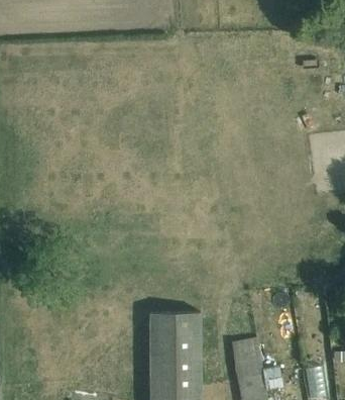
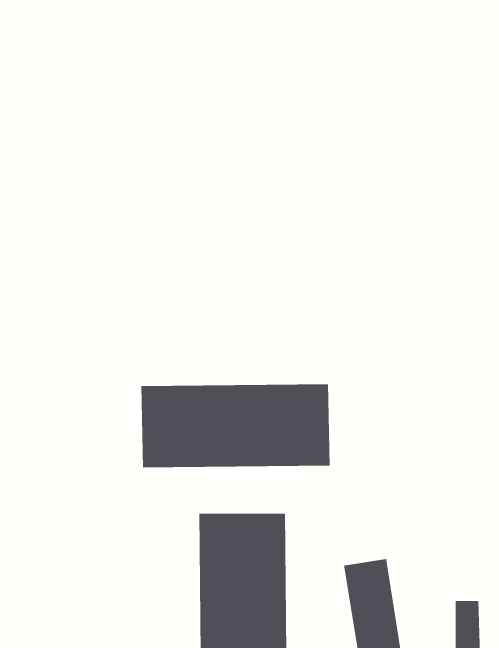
building: none -> [140,384,331,468]

